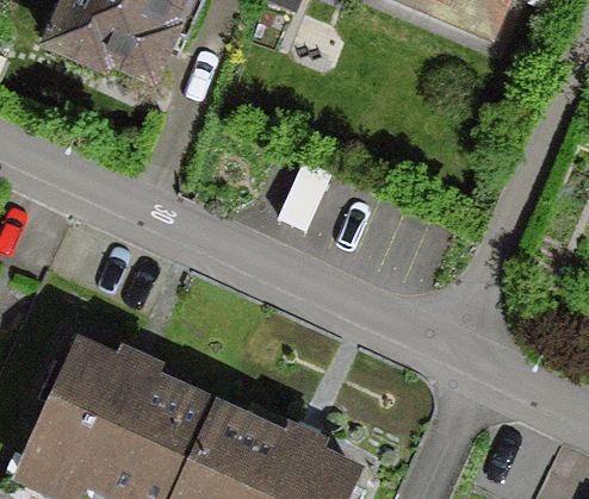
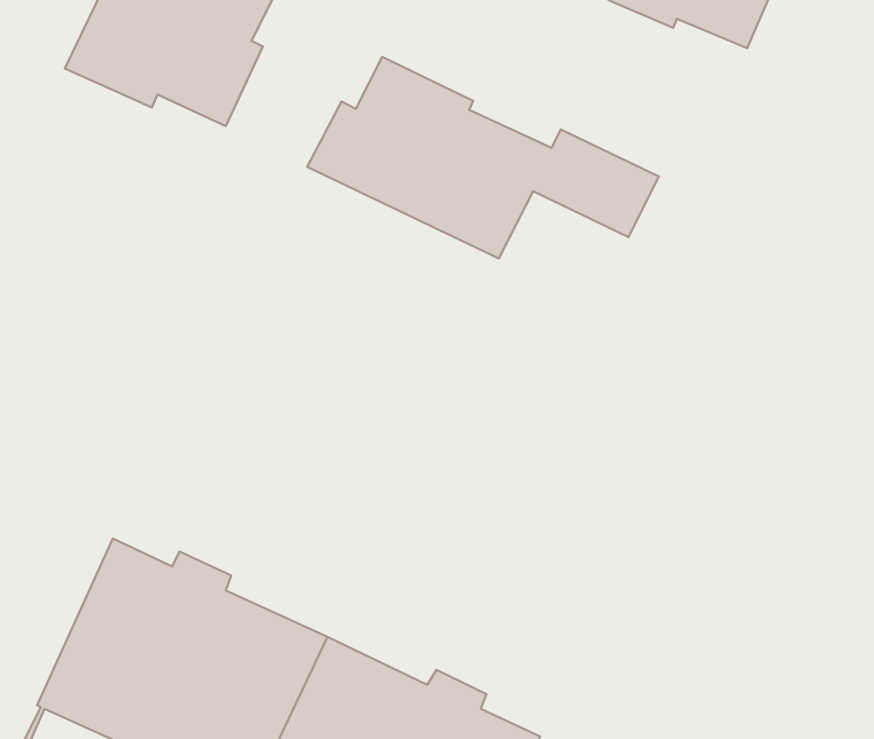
building: none -> [307,57,659,259]

